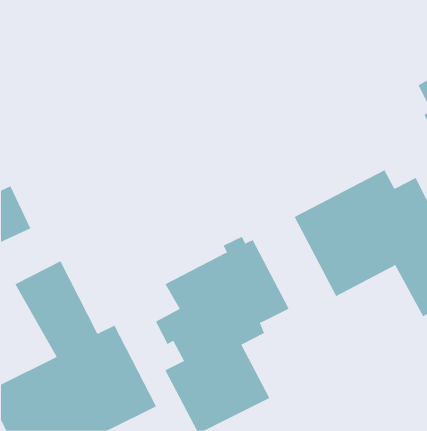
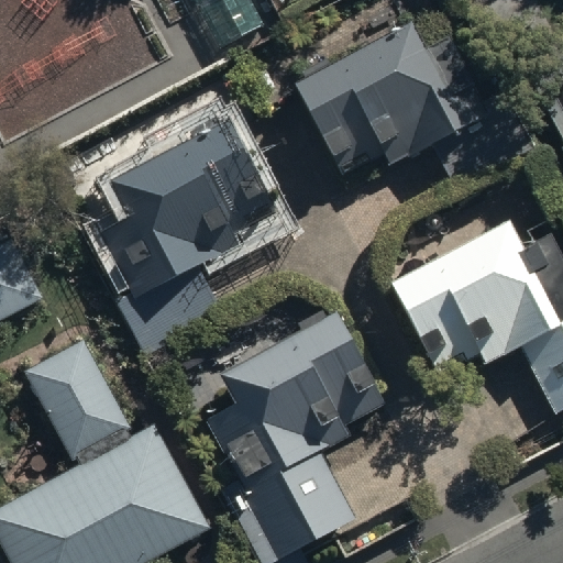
building: none -> [291,23,534,191]
building: none -> [104,119,274,352]

